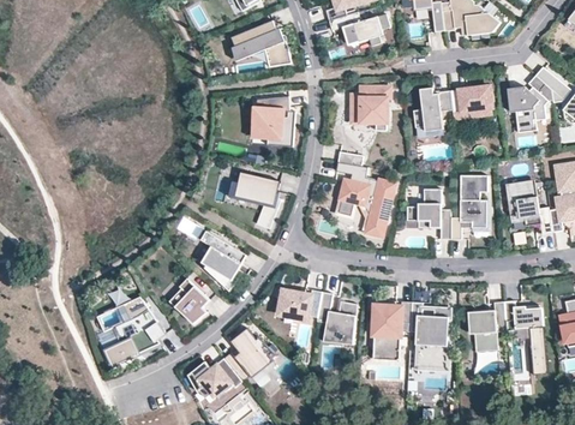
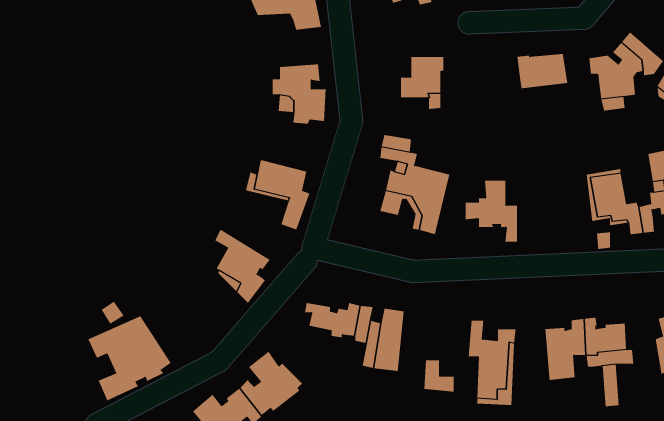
building: [413,84,451,128] -> none
building: [450,175,486,239] -> none
building: [169,279,209,324] -> none
building: [375,301,412,348] -> none

